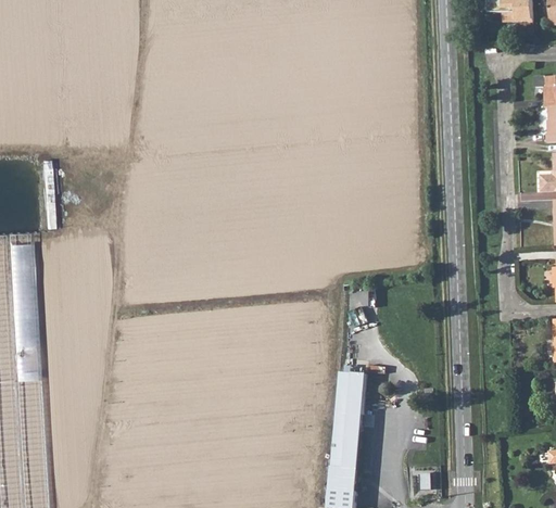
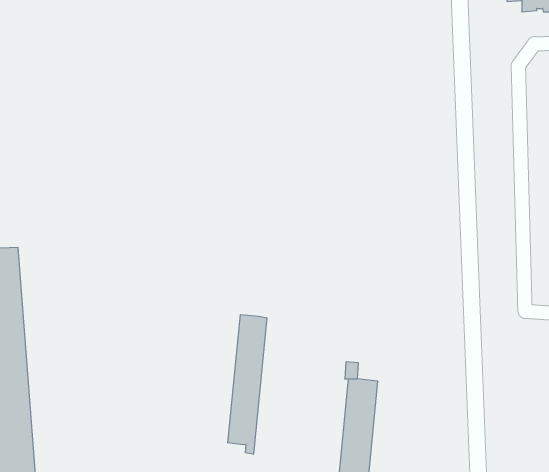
building: none -> [228,315,267,454]

